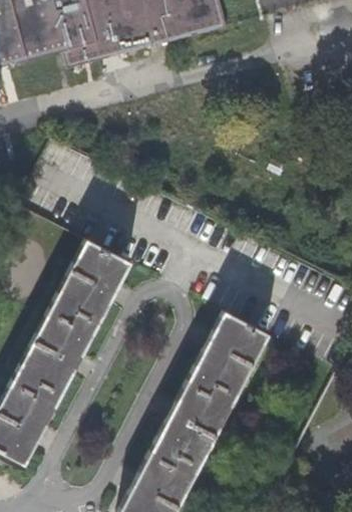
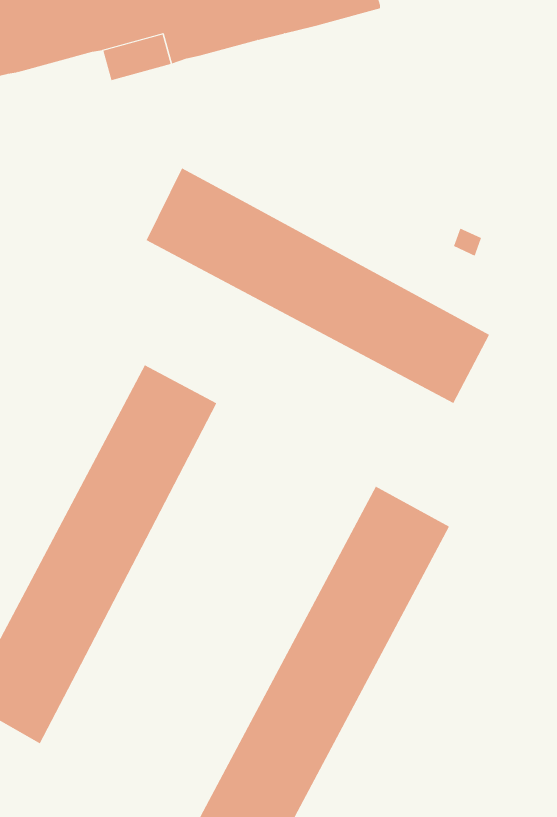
building: none -> [146,168,490,404]

